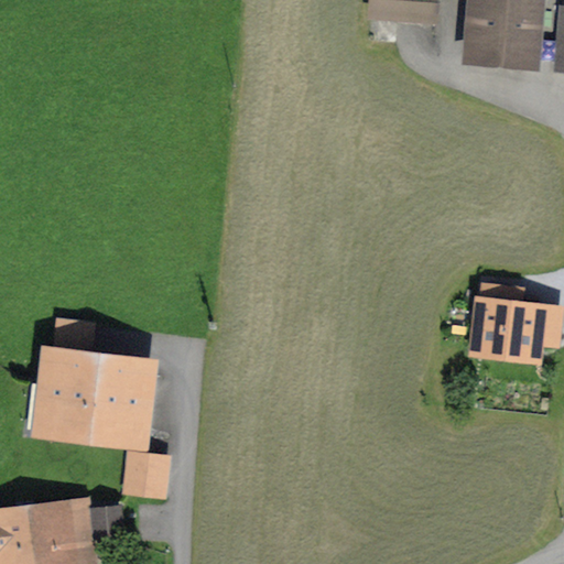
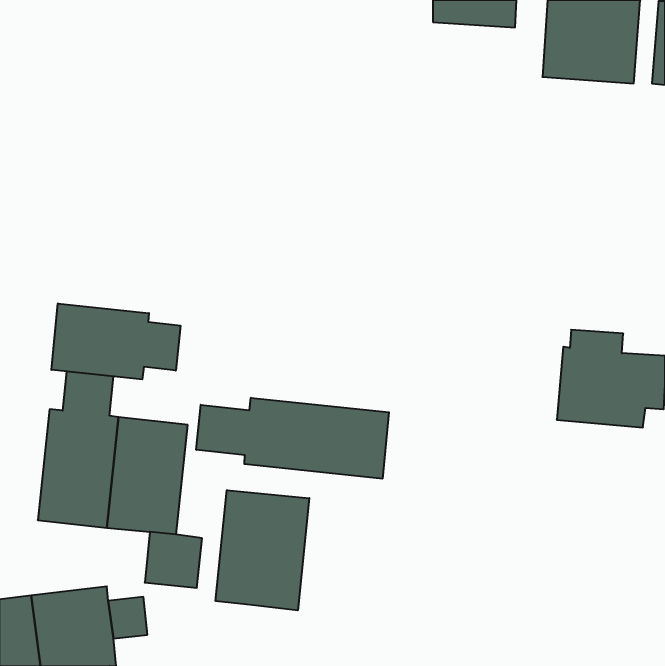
building: none -> [51,303,180,379]
building: none -> [196,398,389,479]
building: none -> [216,490,309,610]

